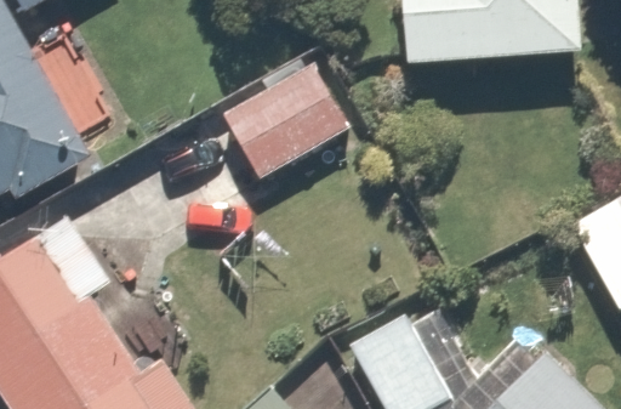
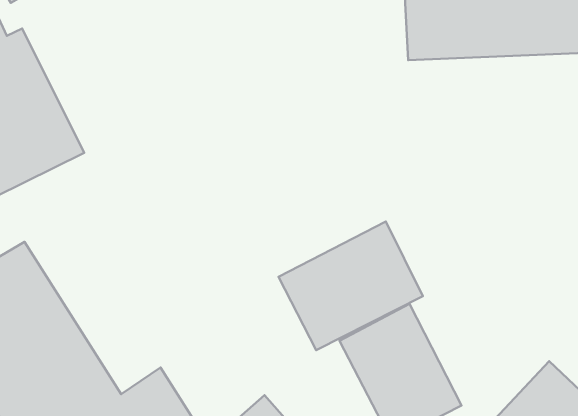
building: [217,56,348,175] -> none
building: none -> [278,222,423,350]

